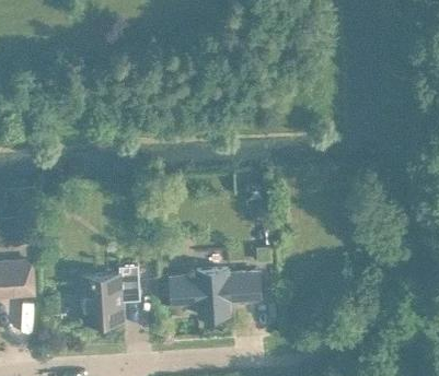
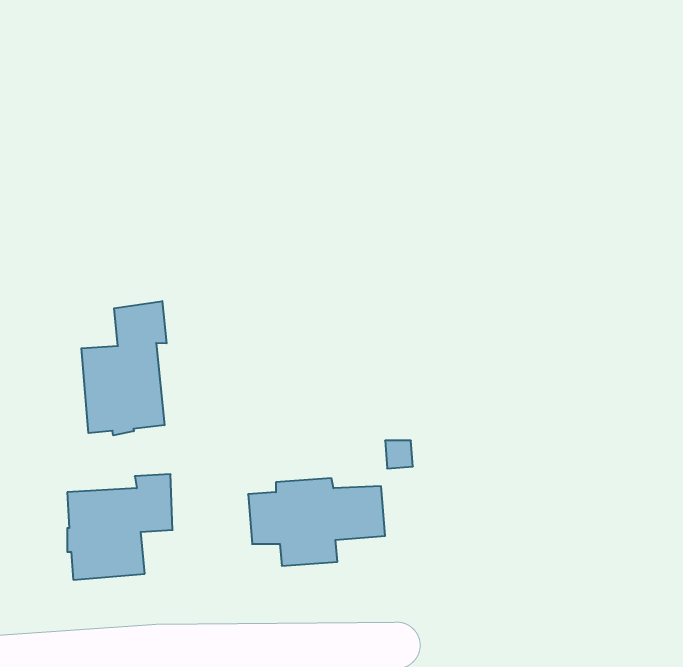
building: none -> [81,301,167,435]

